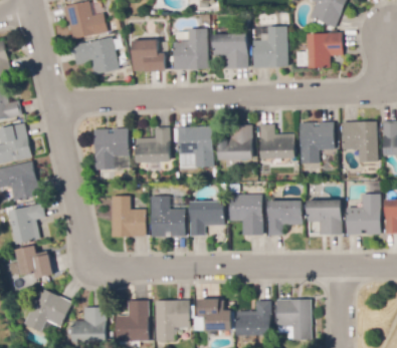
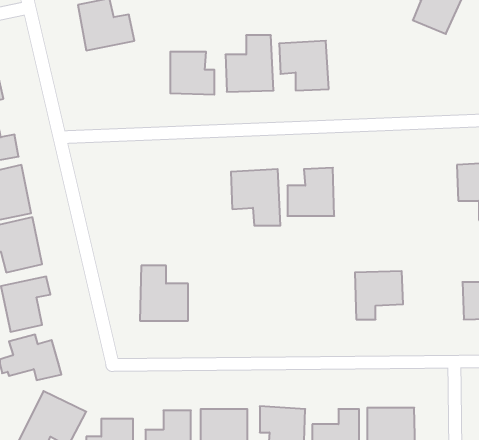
building: [252,26,287,67] -> none
building: [308,32,343,67] -> none
building: [71,36,119,74] -> none
building: [300,121,335,163] -> none
building: [259,123,294,158] -> none
building: [136,127,170,162] -> none
building: [93,128,128,169] -> none
building: [228,194,262,235] -> none
building: [150,196,185,237] -> none
building: [307,200,342,235] -> none
building: [189,201,223,236] -> none

